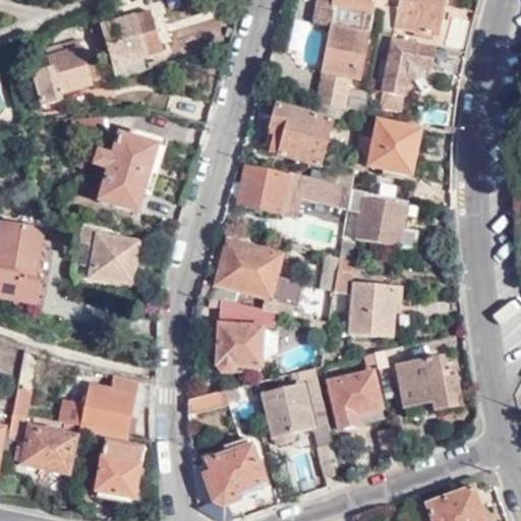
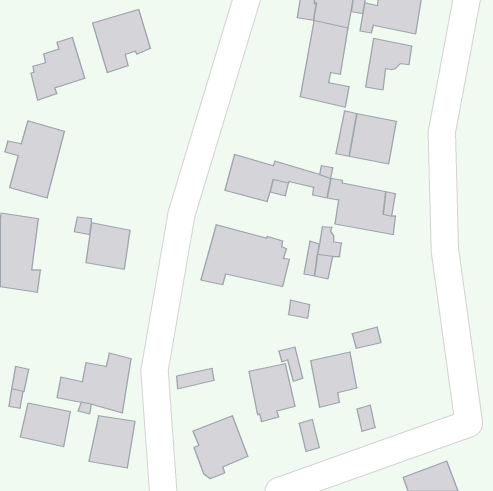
building: [264,106,333,162] -> none
building: [95,133,158,215] -> [5,121,65,198]
building: [345,282,400,337] -> none
building: [216,297,260,370] -> none
building: [392,357,460,410] -> none

